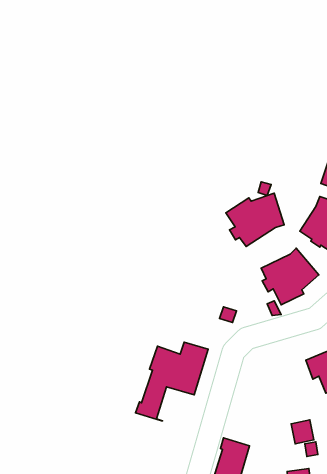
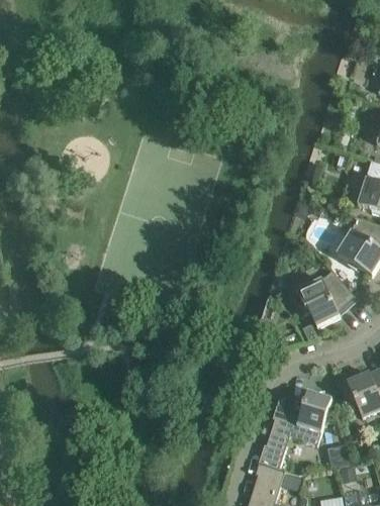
building: [226,193,284,246] -> none
building: [136,342,208,421] -> [258,393,331,473]

